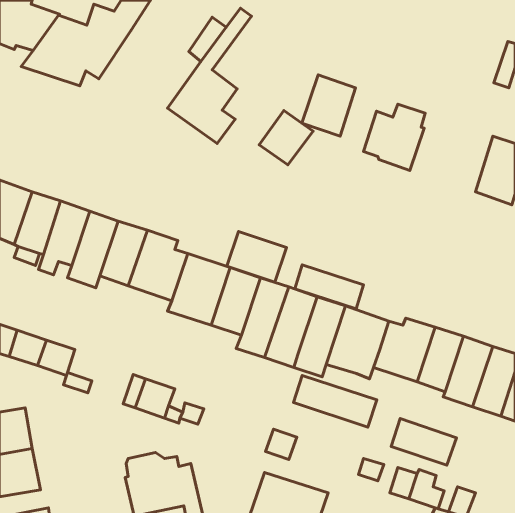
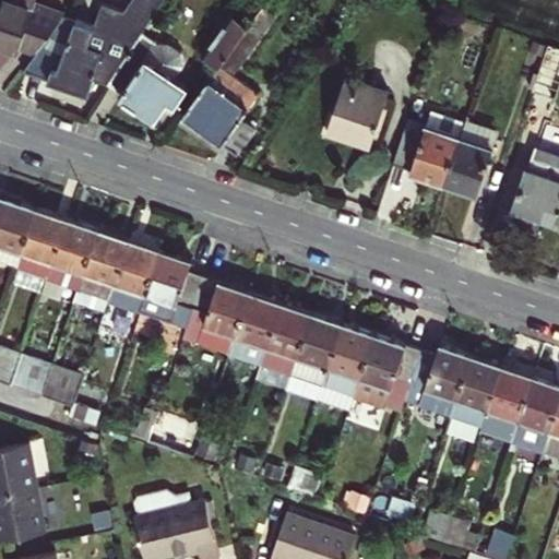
building: none -> [107,36,186,123]
building: [259,110,313,165] -> none
building: none -> [443,142,490,198]
building: [227,232,286,282] -> none
building: [295,265,364,309] -> none
building: [293,375,377,427] -> none
building: [391,418,456,465] -> none

